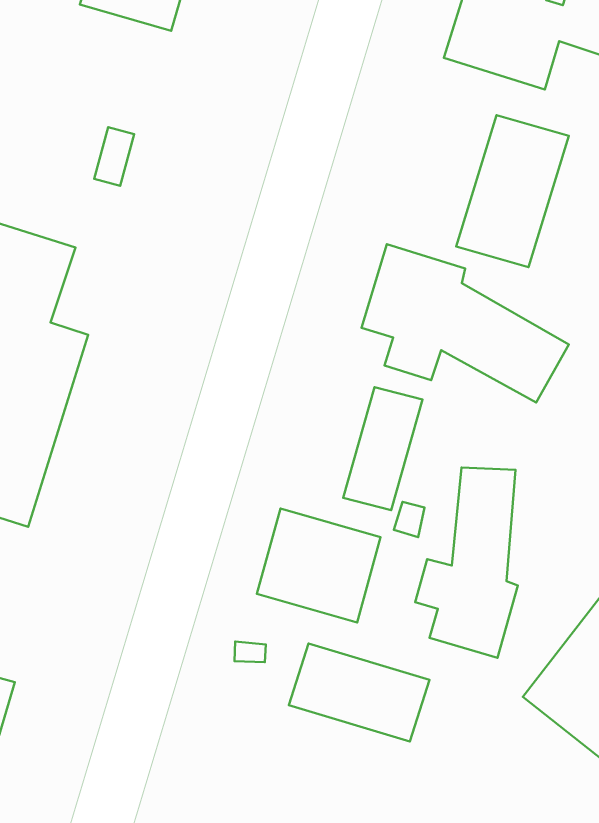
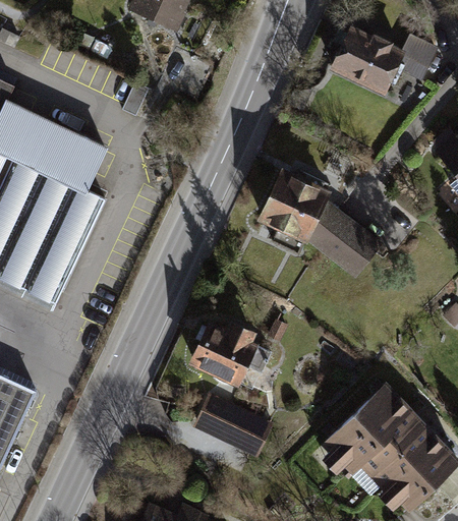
building: [456,115,569,267] -> none
building: [343,387,423,510] -> none
building: [415,468,518,658] -> none

